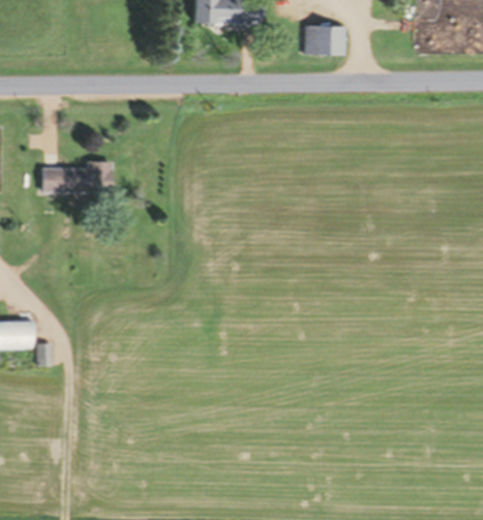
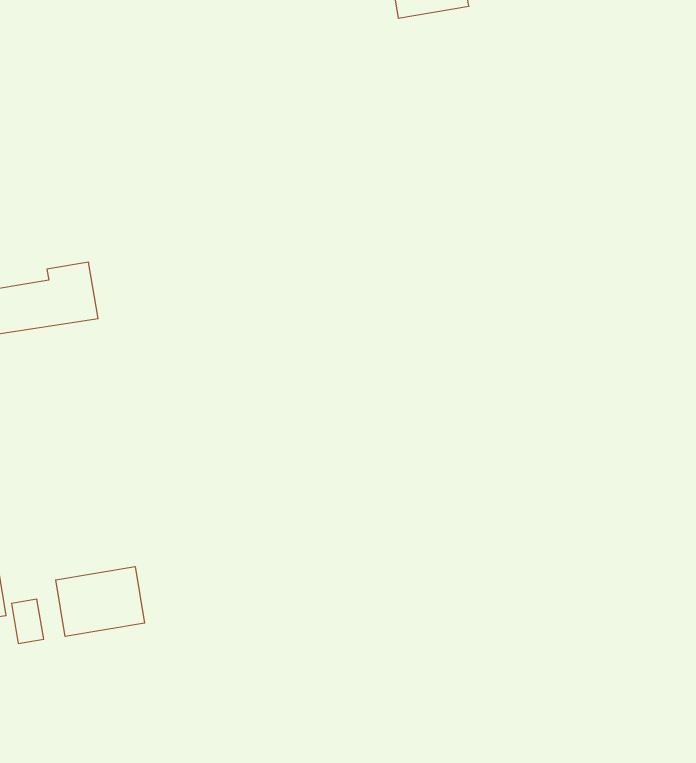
building: none -> [56,567,145,636]

